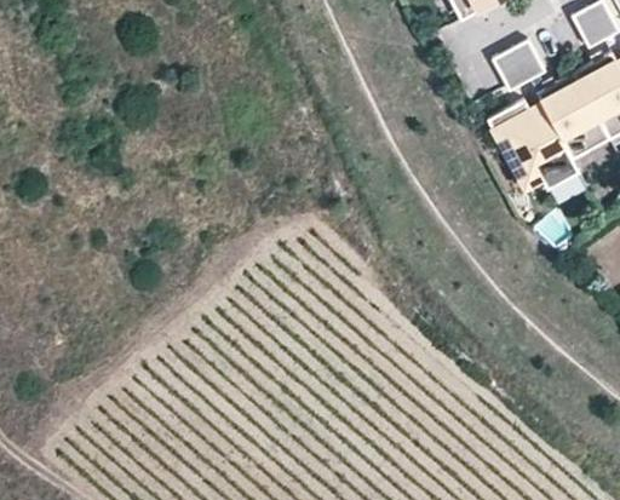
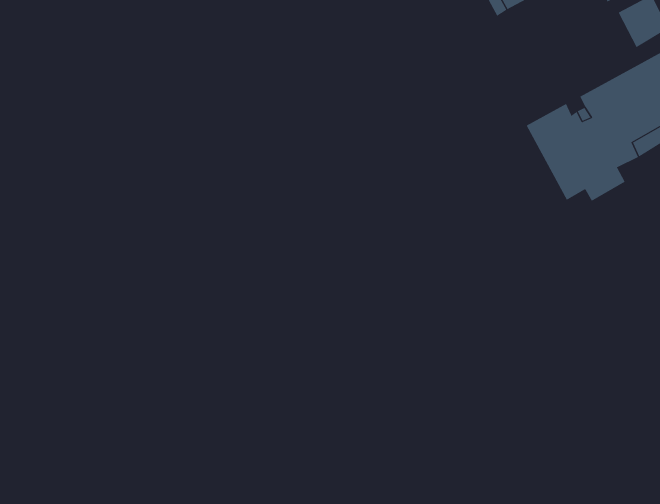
building: [492,36,546,88] -> none

